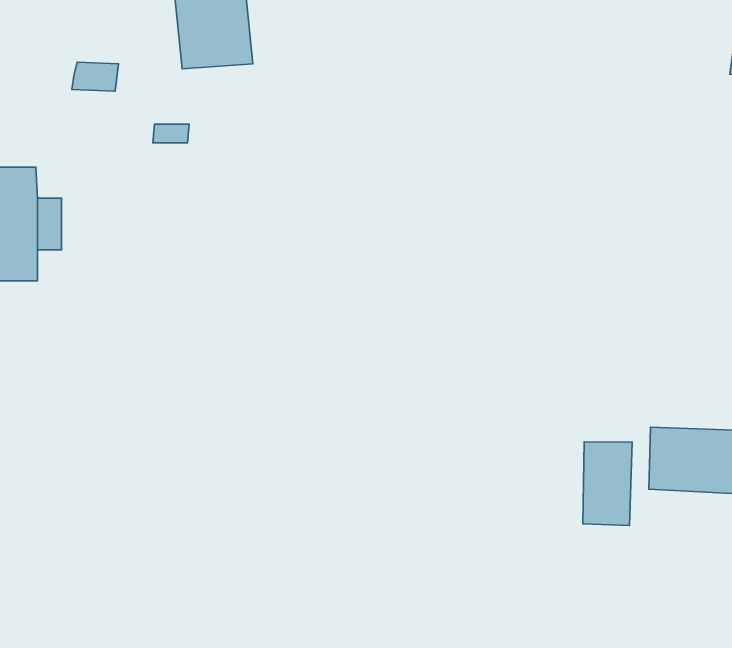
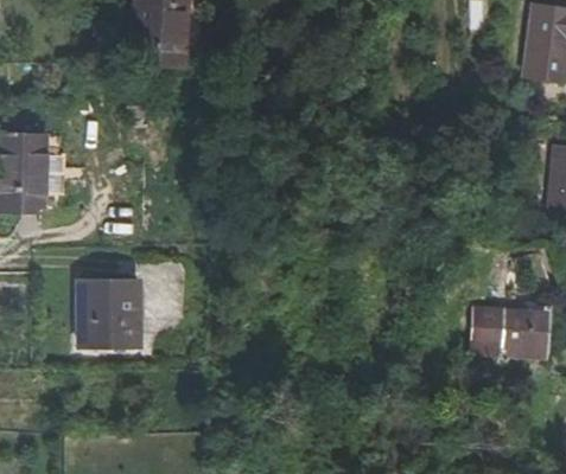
building: none -> [84,278,142,344]
building: [583,442,632,526] -> none

